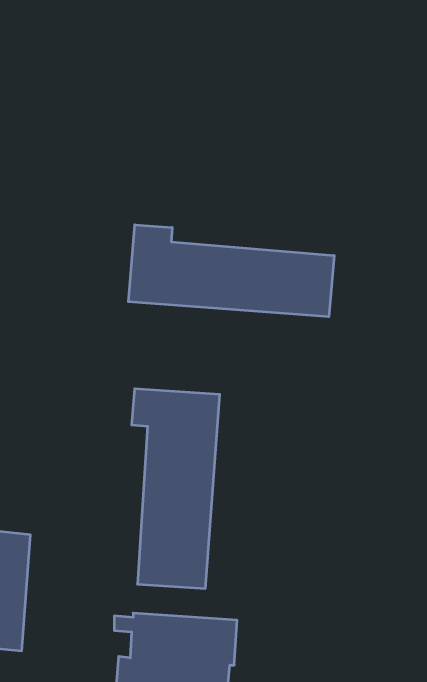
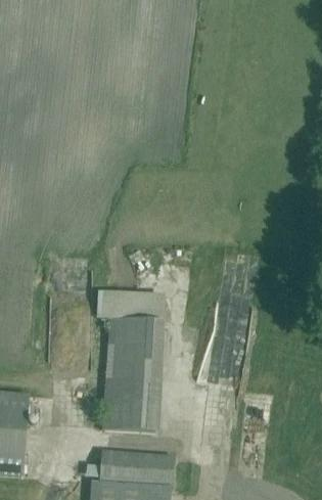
building: [128,225,334,317] -> none

